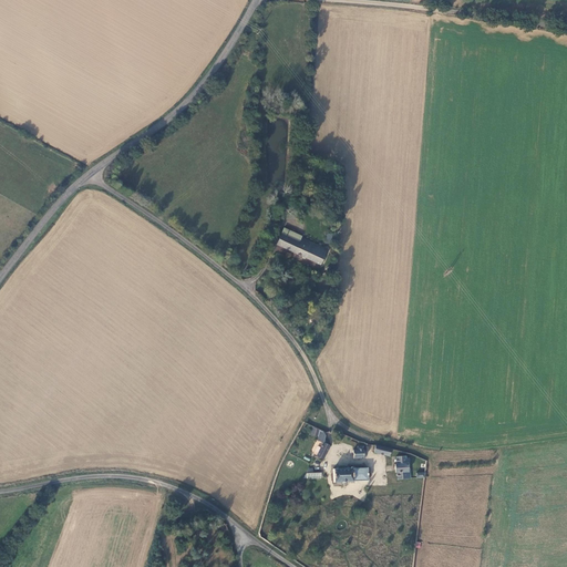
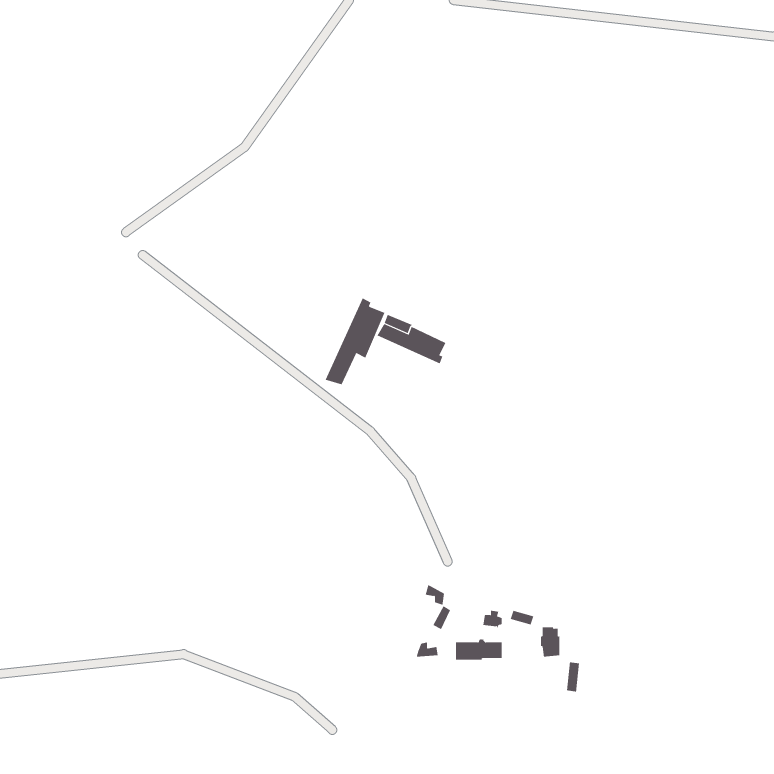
building: none -> [325,298,385,385]

